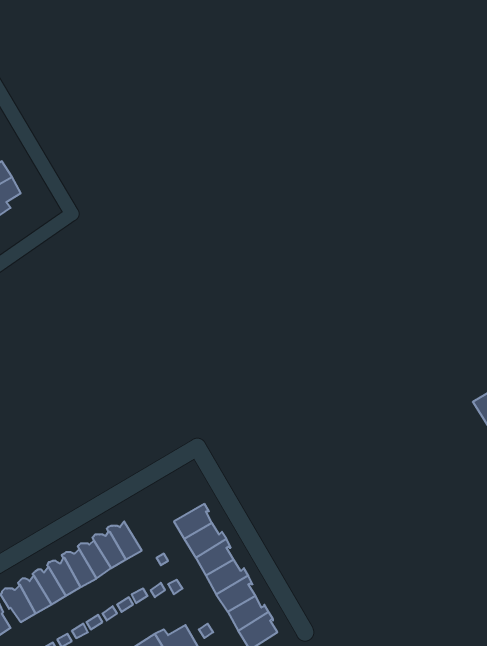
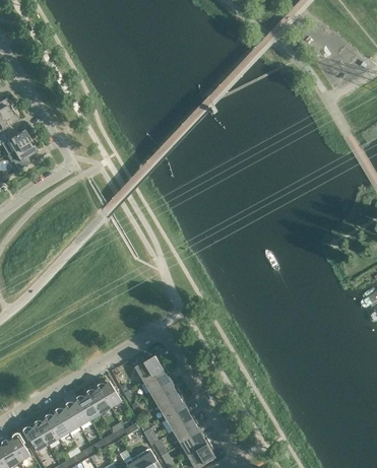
building: none -> [135,356,165,381]

